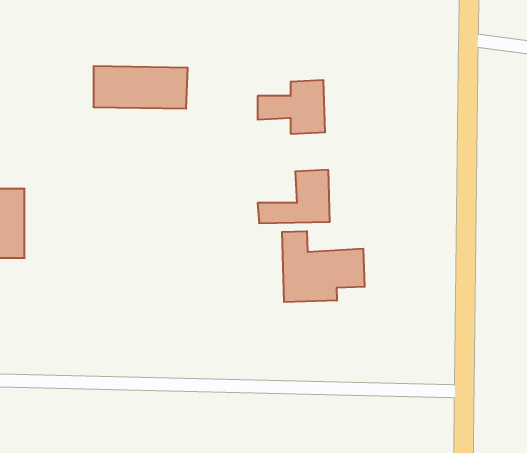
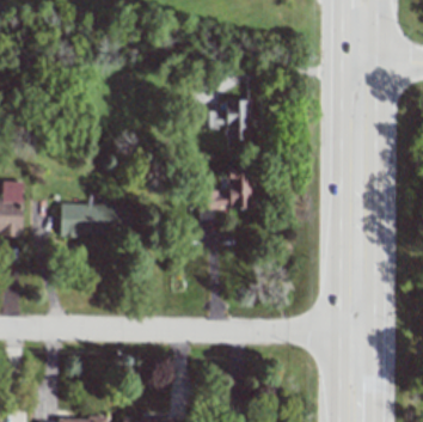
building: [93,66,188,109] -> [60,203,131,236]
building: [282,231,364,302] -> none

